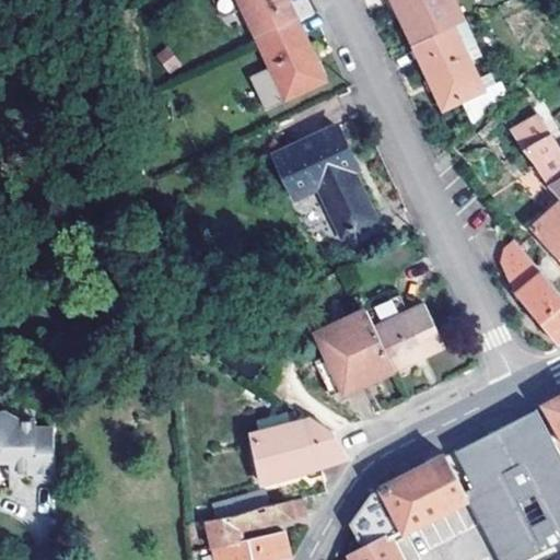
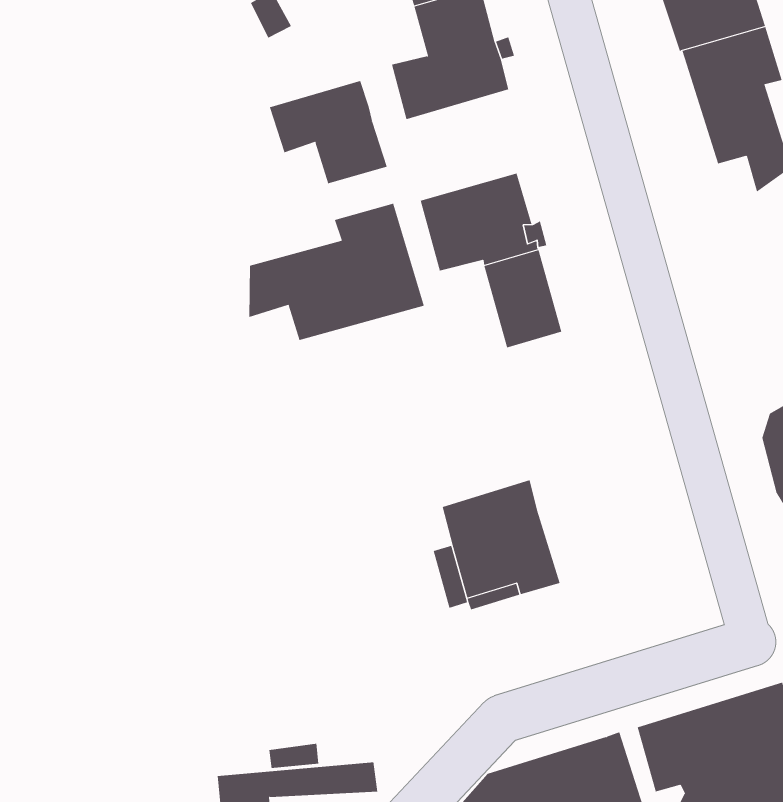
building: none -> [269,80,387,184]
building: none -> [249,203,425,341]
building: [375,307,443,373] -> none
building: [252,412,347,483] -> none

